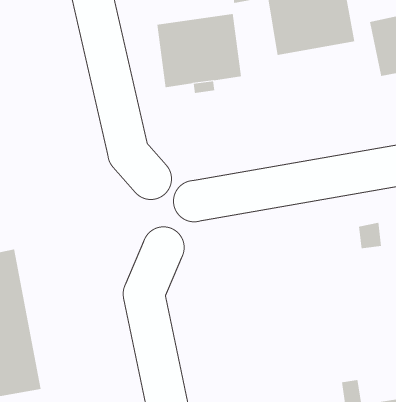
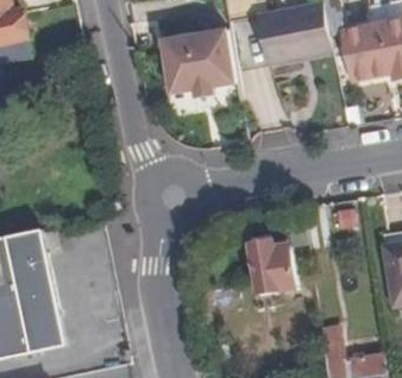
building: none -> [250,238,294,294]

